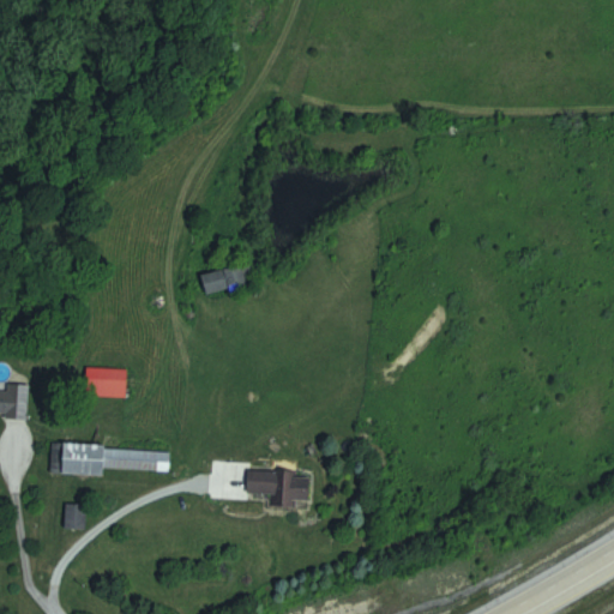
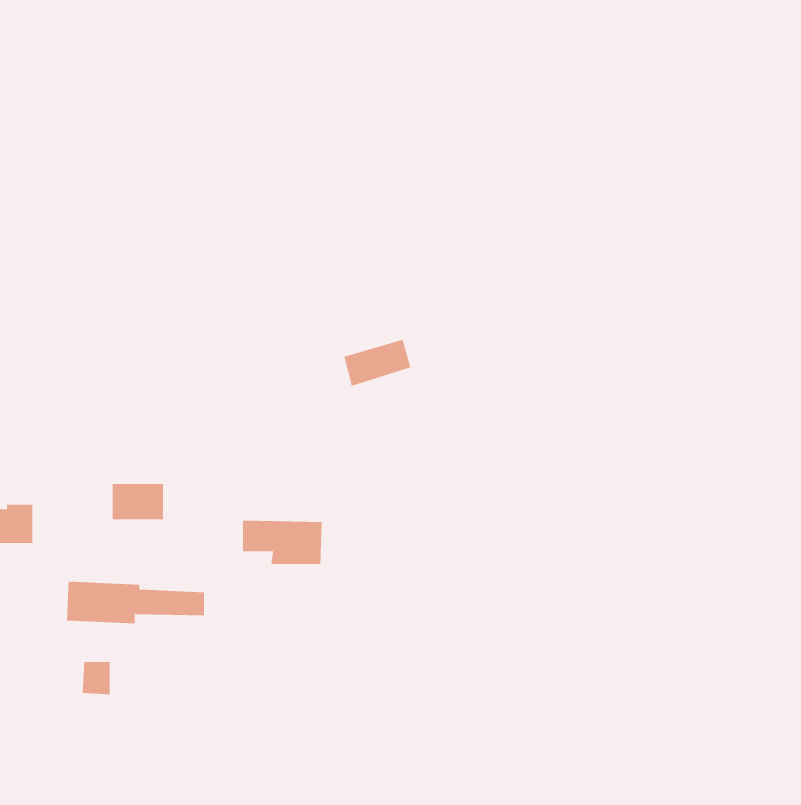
building: [201,261,253,297] -> [343,339,411,386]
building: [248,469,309,502] -> [242,520,323,564]

